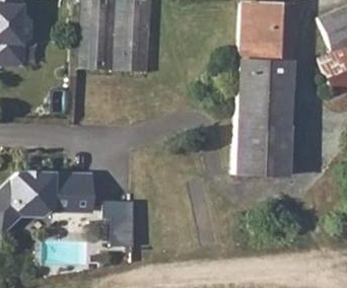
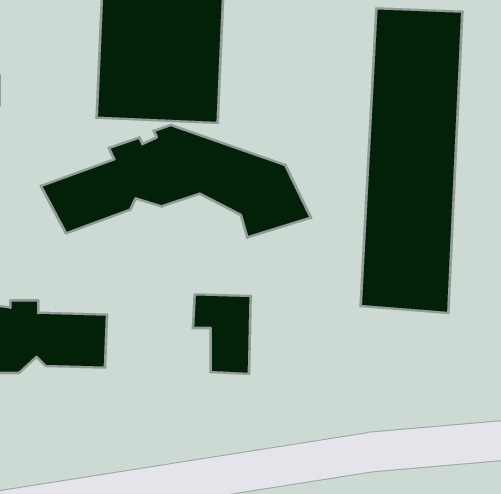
building: none -> [41,125,311,238]
building: [107,202,140,247] -> [193,295,251,374]

